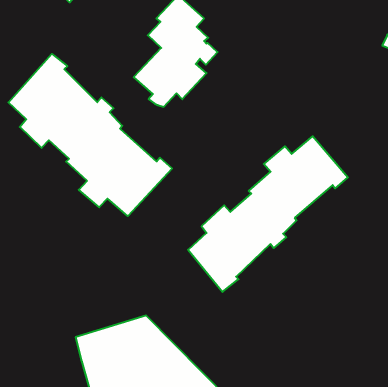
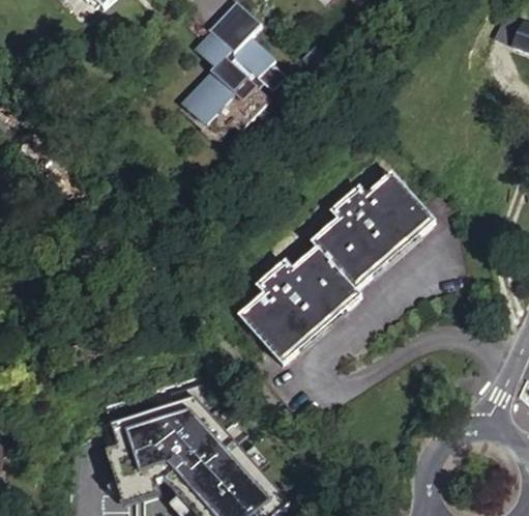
building: [8,54,172,216] -> none

